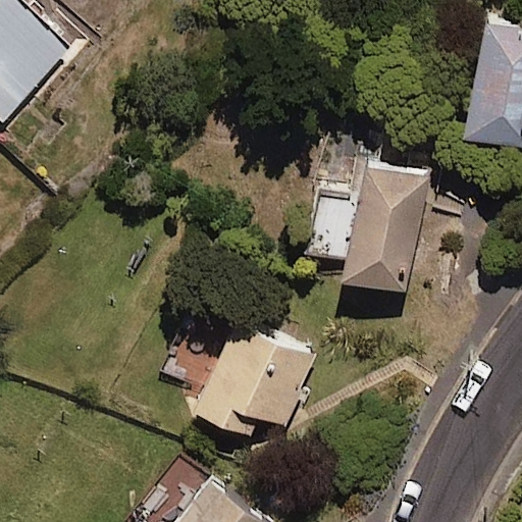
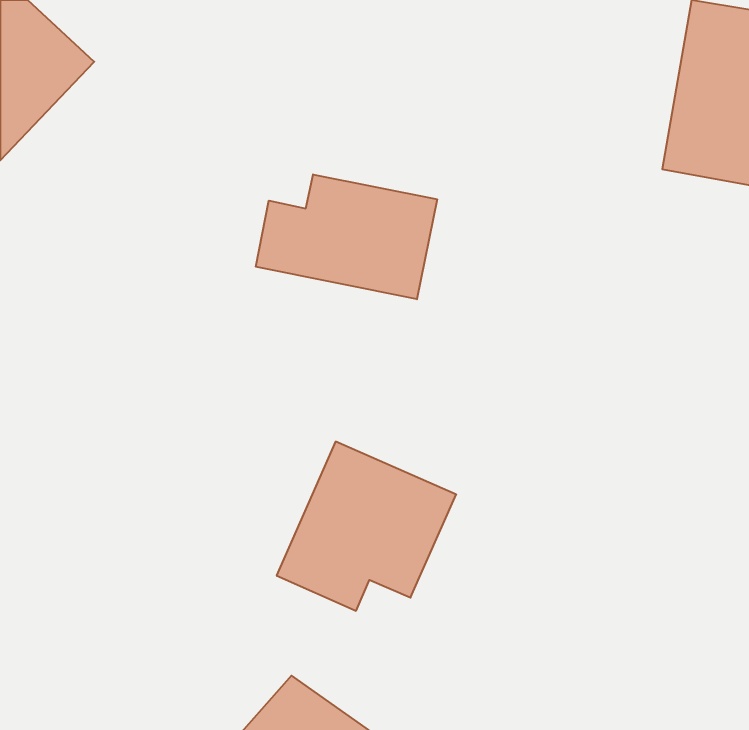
building: none -> [256,174,437,299]
building: [340,160,429,290] -> none

